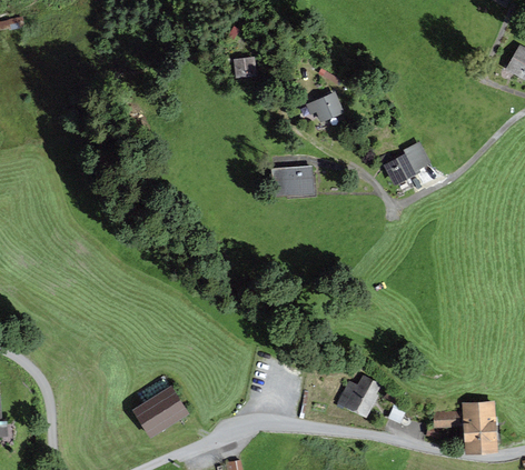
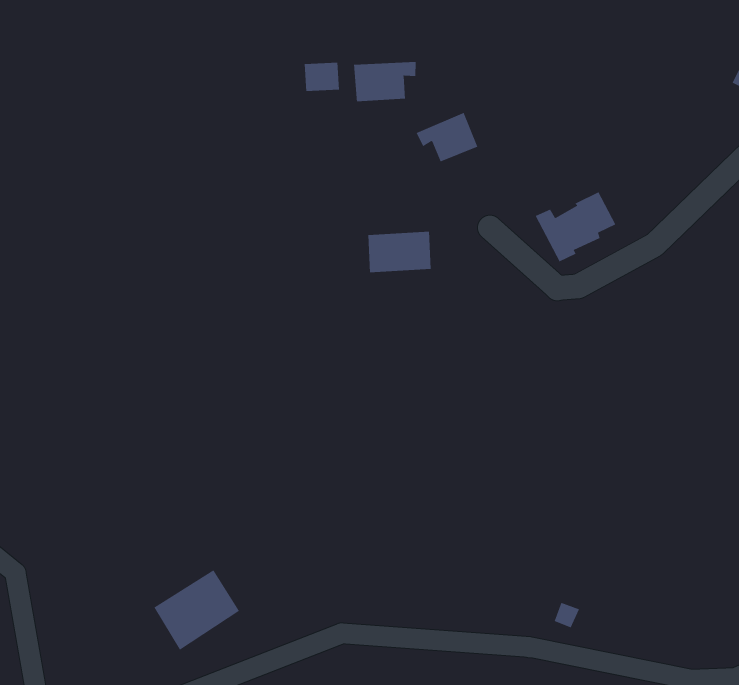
building: none -> [354,61,416,102]
building: [337,373,385,417] -> none
building: [433,403,496,450] -> none

